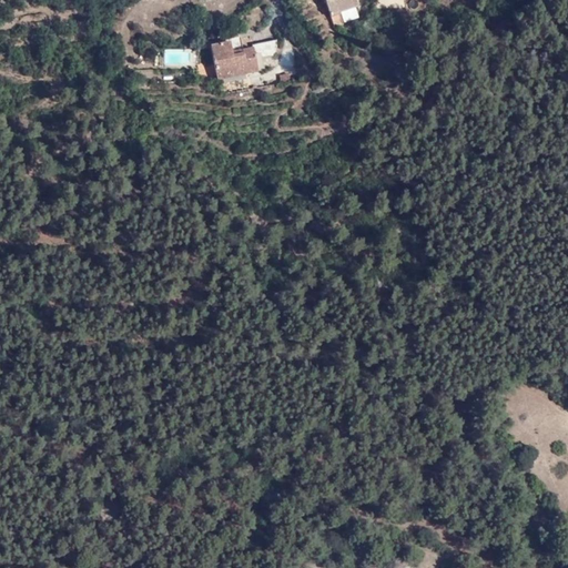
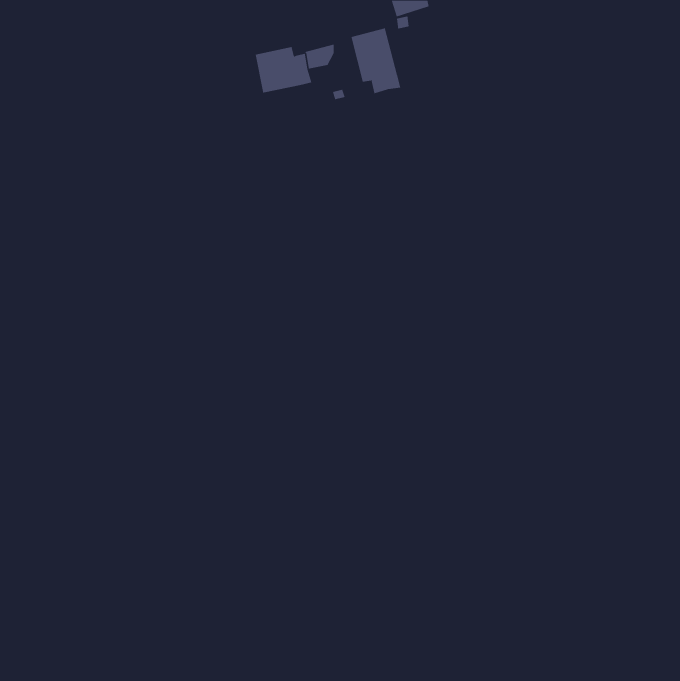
building: none -> [351,28,401,94]

